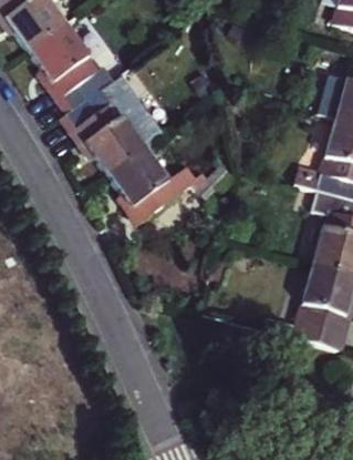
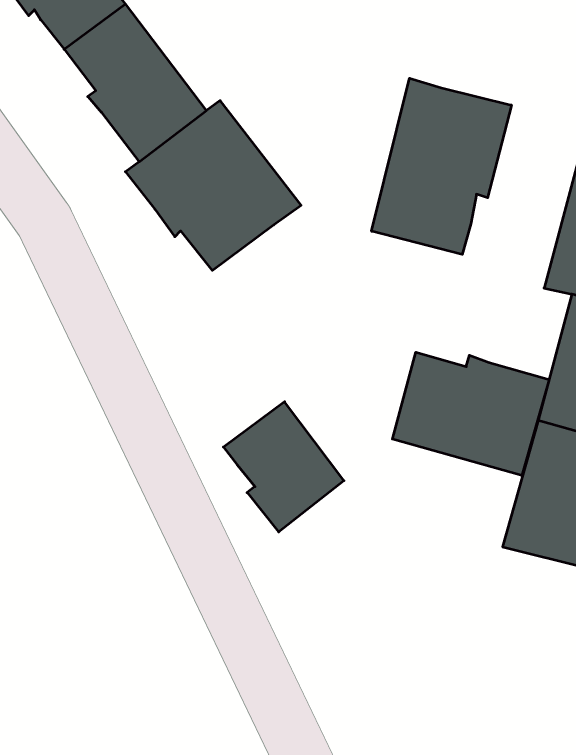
building: none -> [372,78,511,254]
building: [125,156,193,229] -> [223,402,344,532]
building: none -> [392,352,549,476]

